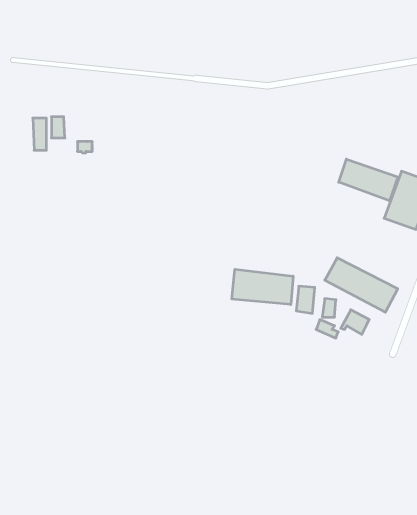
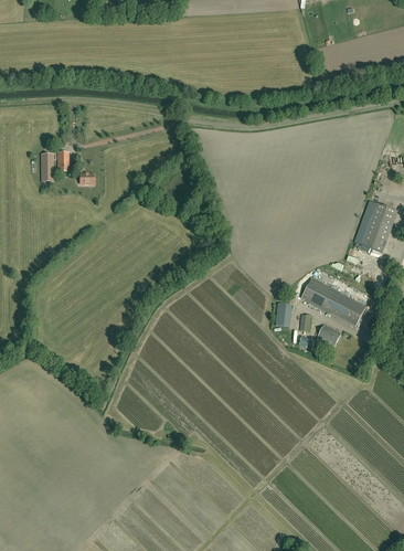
building: [339,159,398,201] -> none
building: [232,269,293,305] -> none

